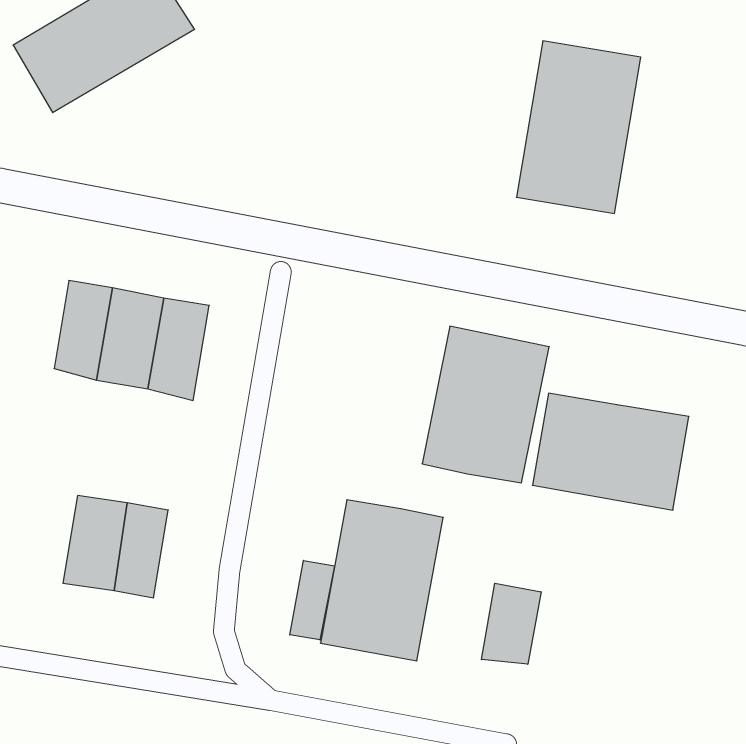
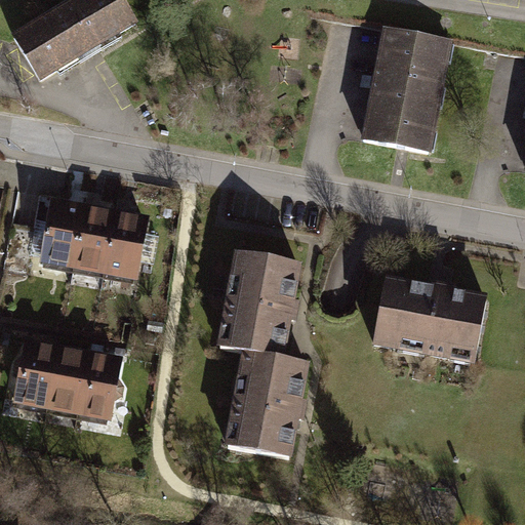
building: [422,326,549,483] -> [212,247,301,357]
building: none -> [15,342,55,409]
building: [290,560,335,640] -> none
building: [481,583,541,664] -> none

